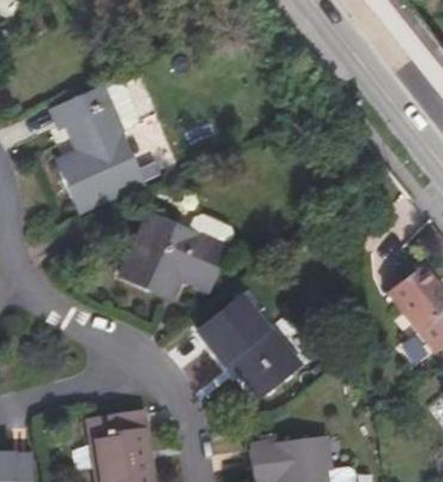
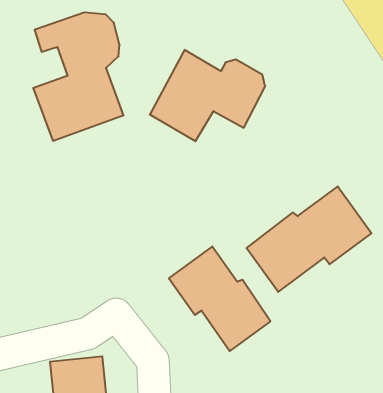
building: [120,212,227,297] -> [150,50,265,141]
building: none -> [247,186,371,292]

